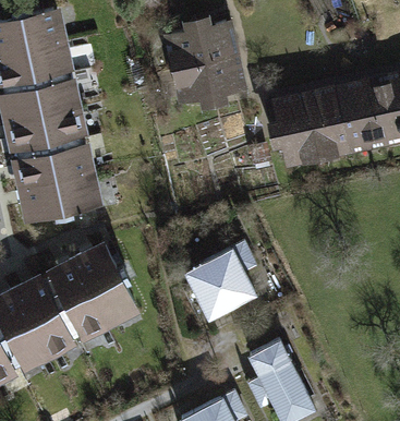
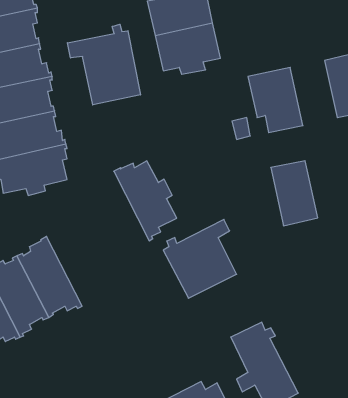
building: none -> [67,24,140,105]
building: [306,92,351,154] -> [271,161,318,226]
building: [74,250,134,326] -> [114,161,177,241]

